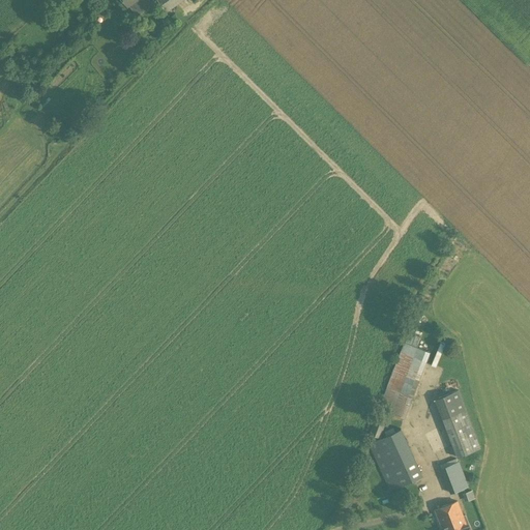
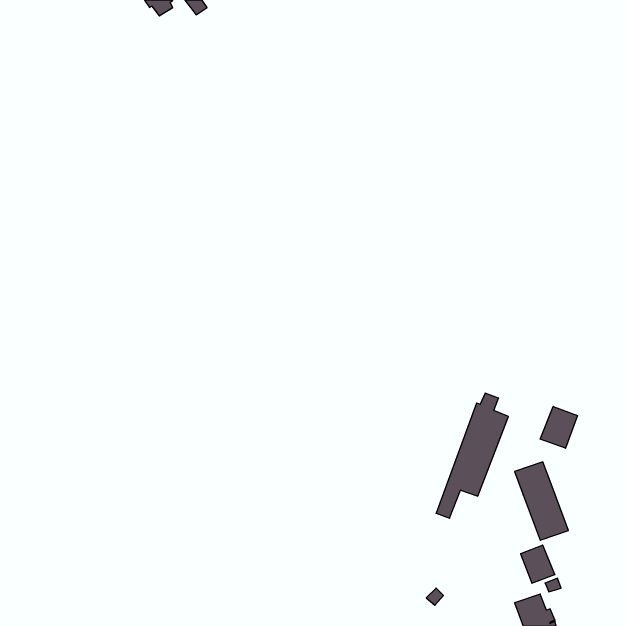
building: none -> [540,406,577,448]
building: [369,429,422,491] -> none

